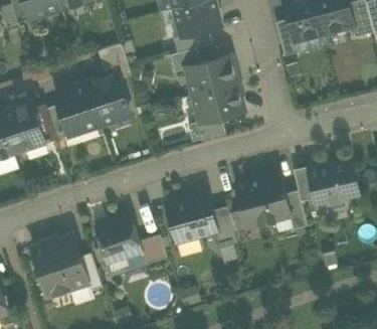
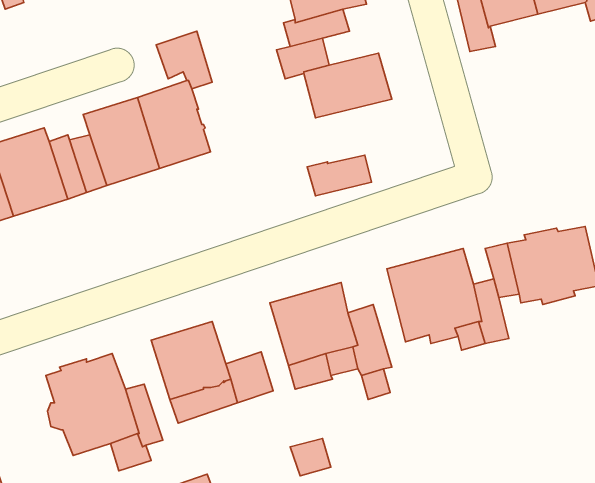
building: [193,85,245,123] -> none

